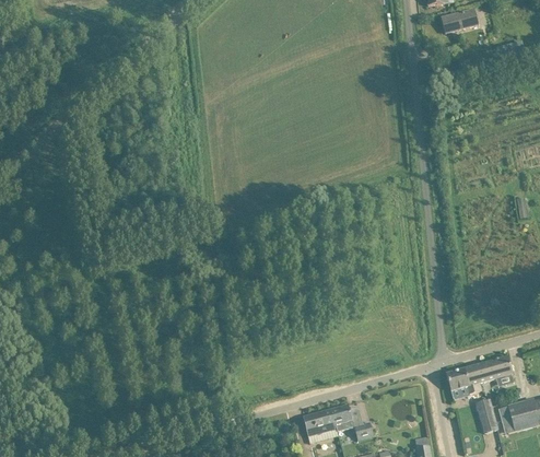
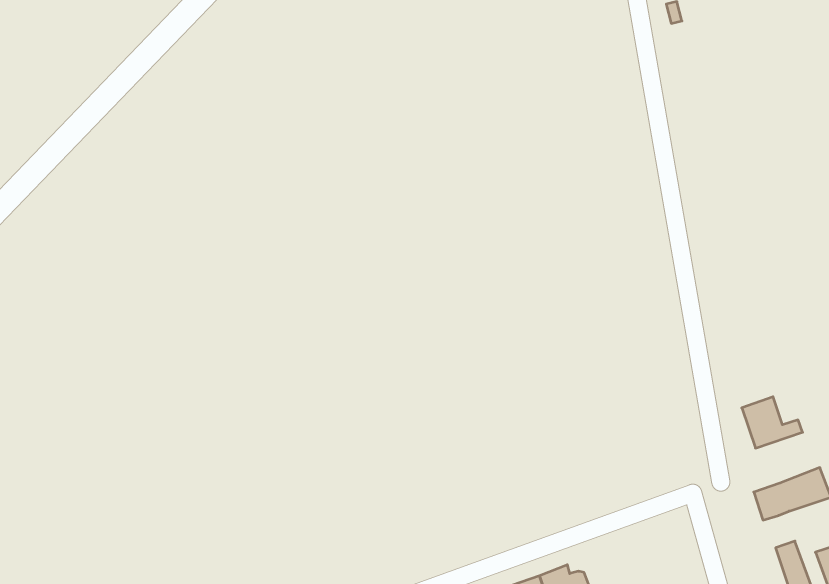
building: [446,367,482,398] -> [742,397,803,448]

